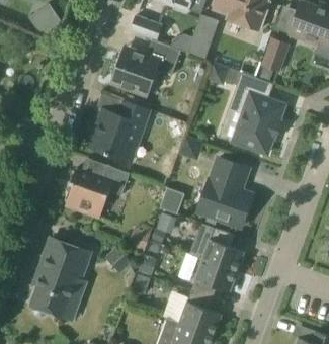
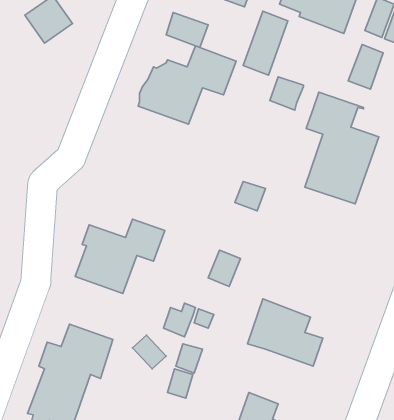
building: [89,100,149,162] -> none
building: [203,158,252,228] -> none
building: [190,259,237,298] -> none

